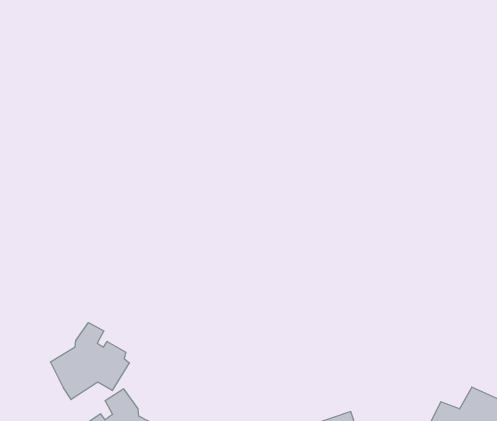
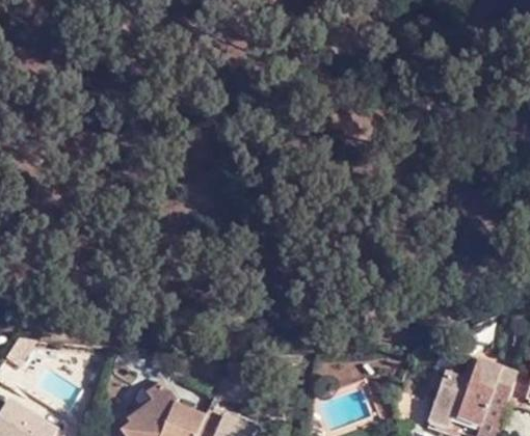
building: [50,323,129,400] -> none

